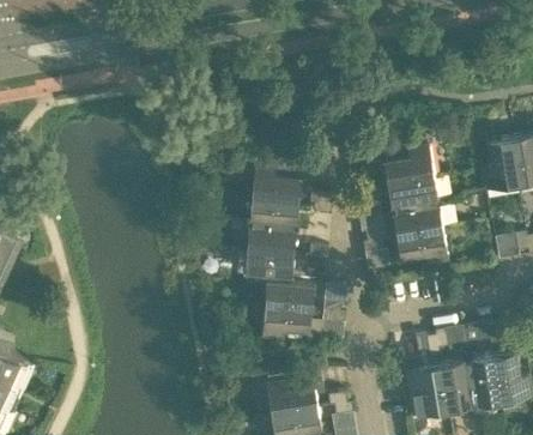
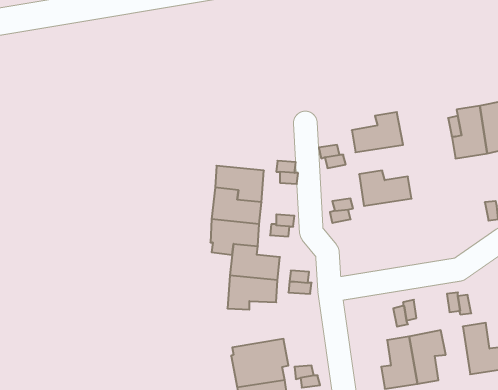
building: [250,168,299,205] -> none
building: [387,180,438,215] -> none
building: [395,232,447,267] -> none
building: [465,358,499,411] -> none

